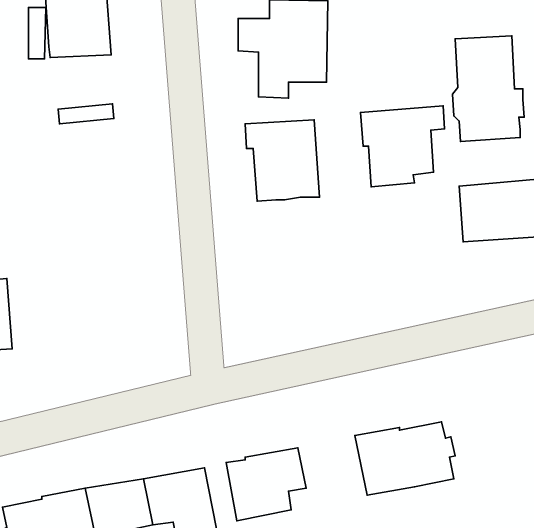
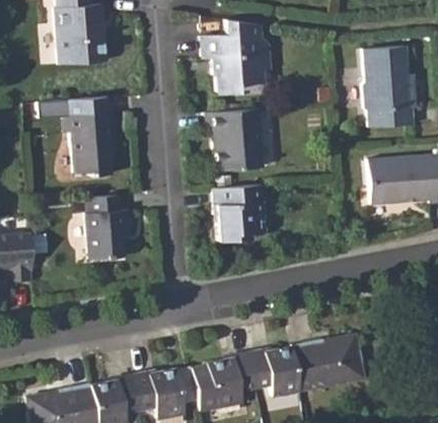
building: [360,106,444,187] -> [213,184,276,244]
building: none -> [72,113,114,180]
building: none -> [86,196,135,260]
building: none -> [247,346,299,396]

